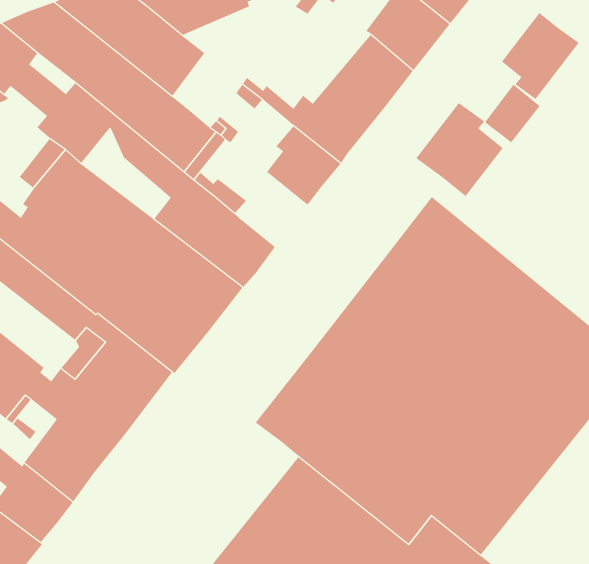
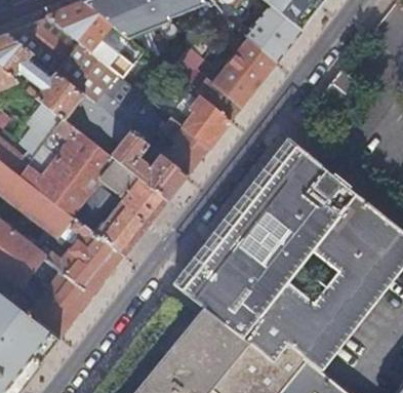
building: [501,12,579,100] -> none
building: [415,102,504,197] -> none
building: none -> [160,116,208,173]

